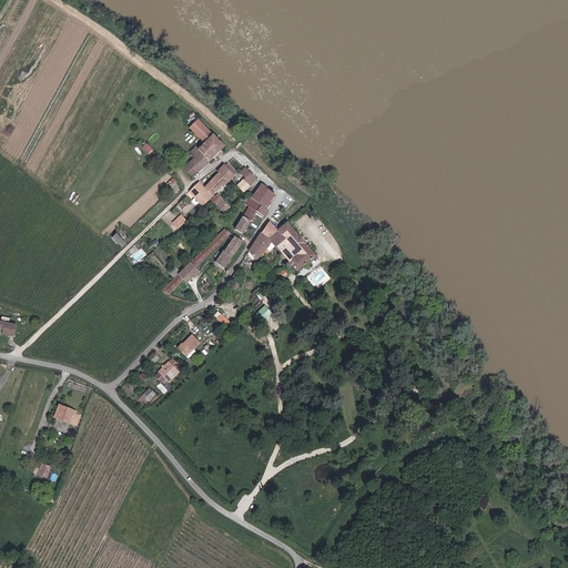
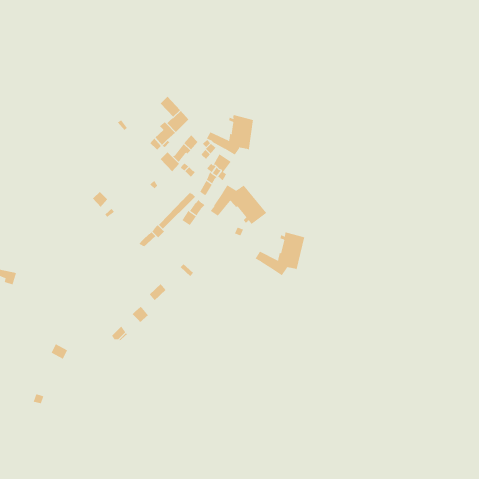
building: none -> [206,114,254,156]
building: none -> [255,232,305,276]

